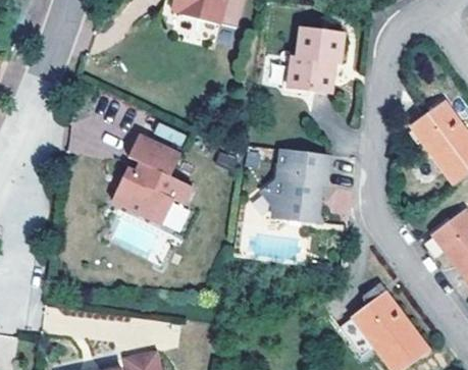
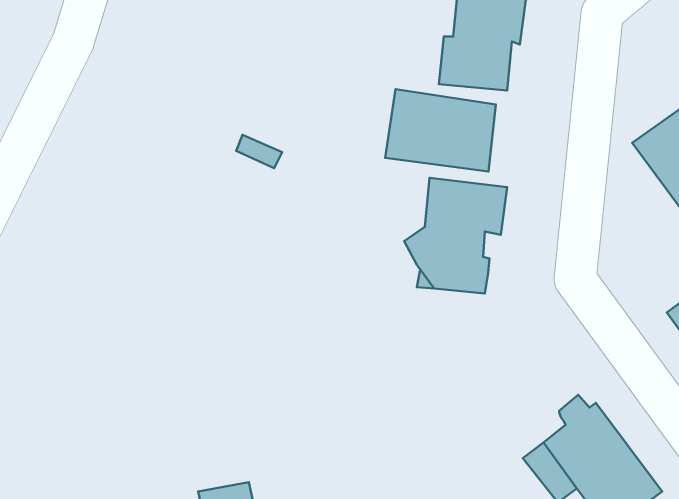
building: none -> [385,89,496,171]
building: [116,128,197,217] -> none

